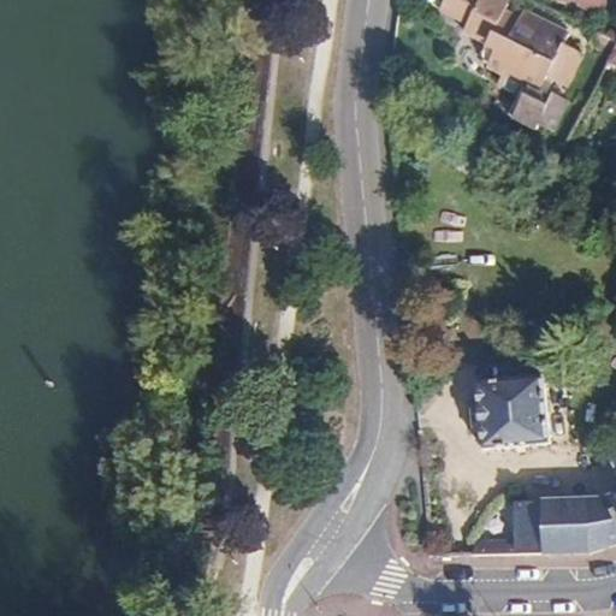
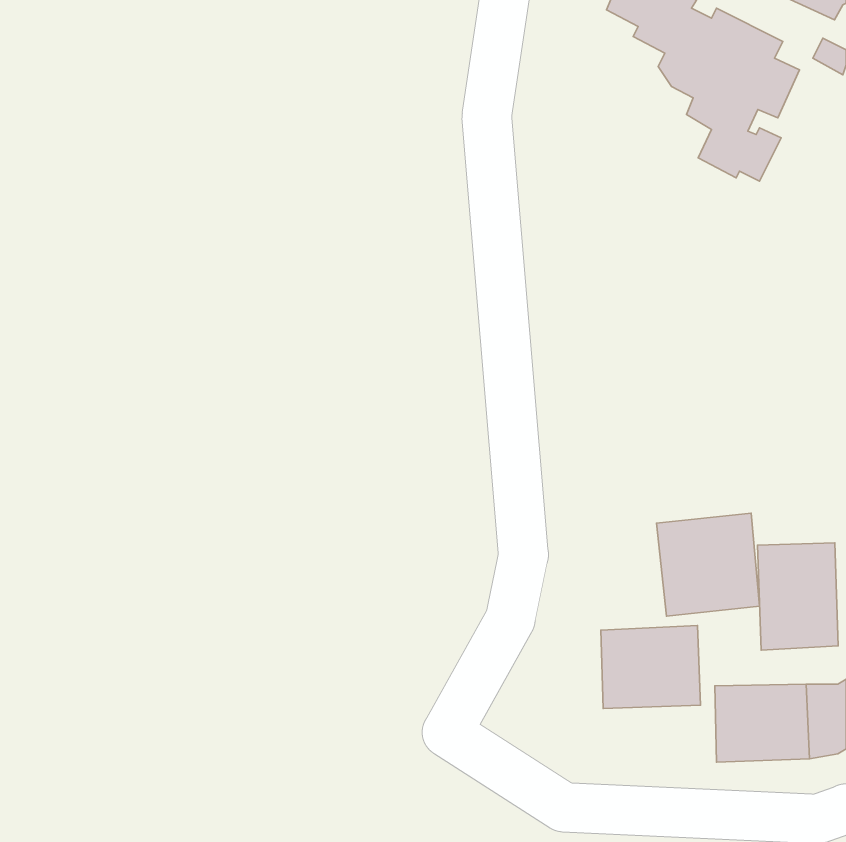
building: none -> [757,543,838,650]
building: none -> [601,626,700,708]

